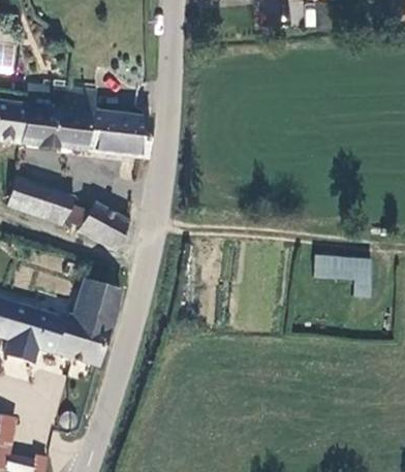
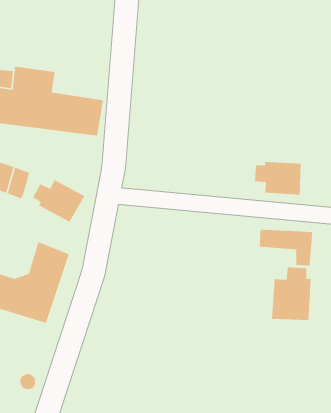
building: none -> [254,161,301,196]
building: none -> [271,266,311,321]

